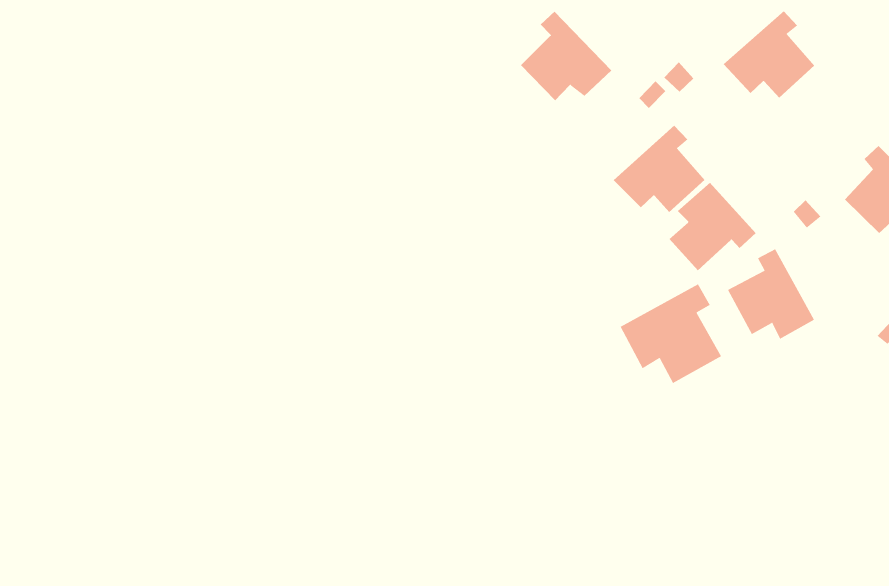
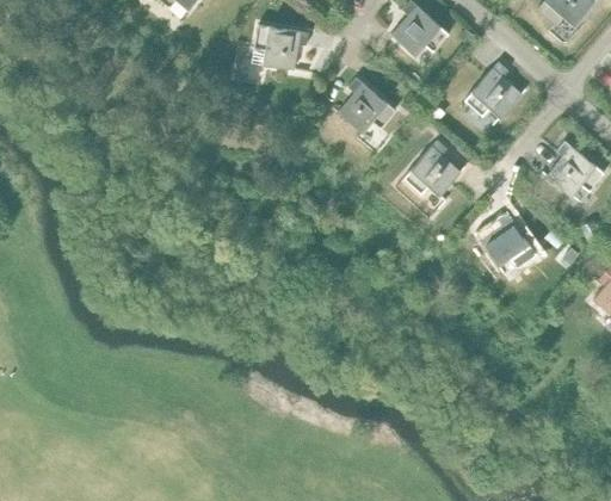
building: [669,182,756,271] -> none
building: [620,283,722,384] -> none

